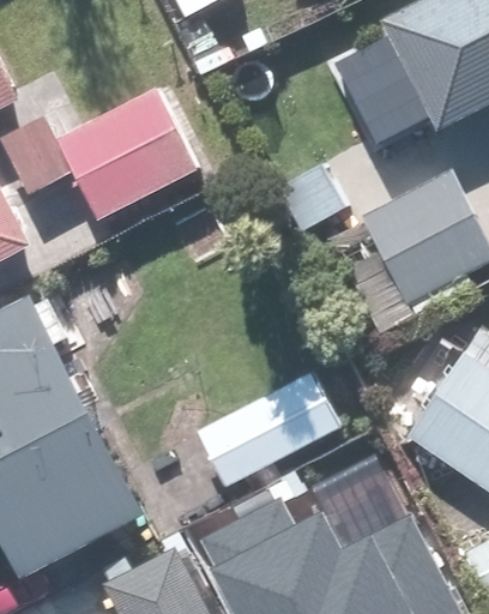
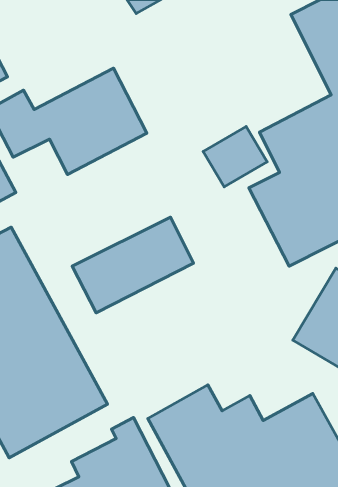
building: [189,372,342,492] -> [72,217,193,313]

